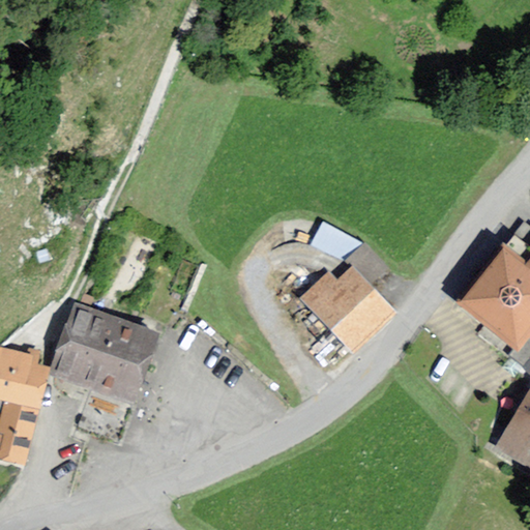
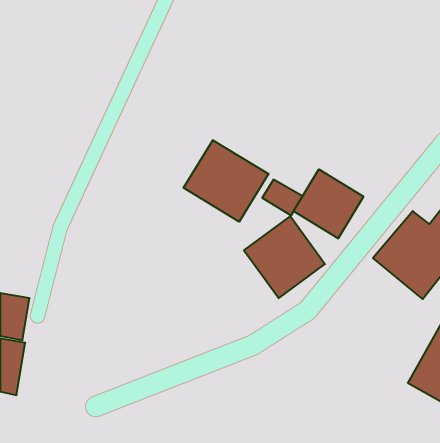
building: none -> [184,140,269,222]
building: none -> [294,169,363,239]
building: [48,297,163,406] -> none

